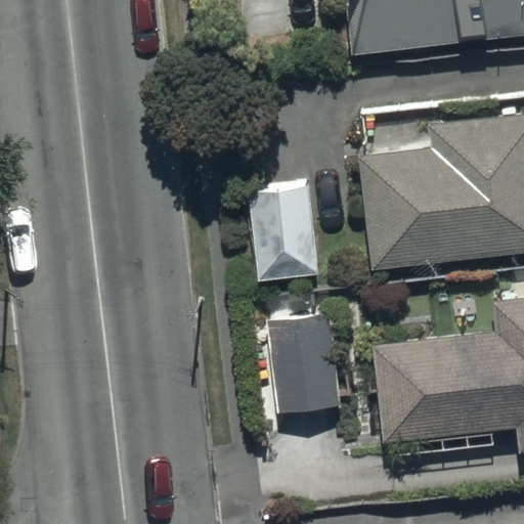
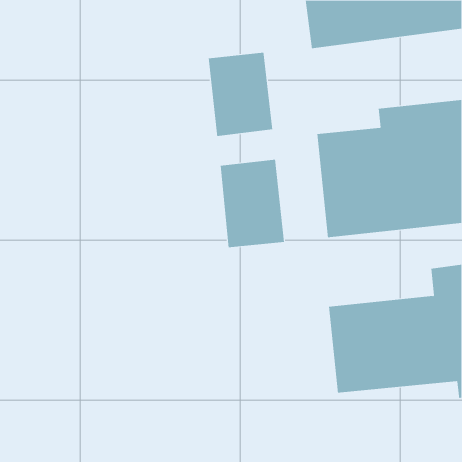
building: none -> [208,52,273,137]
building: [268,310,339,414] -> none

